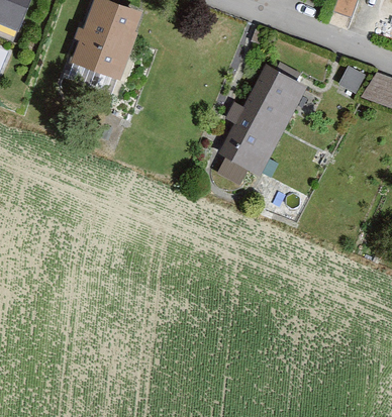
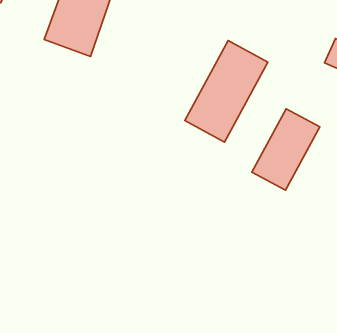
building: none -> [252,109,320,190]

